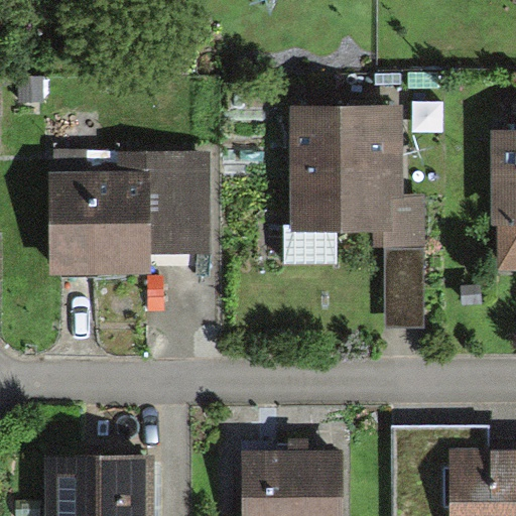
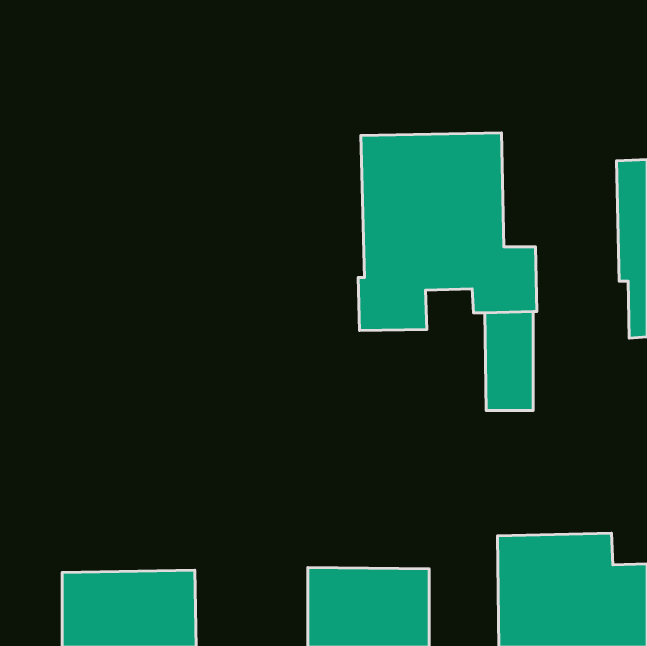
building: [53,150,210,274] -> none

